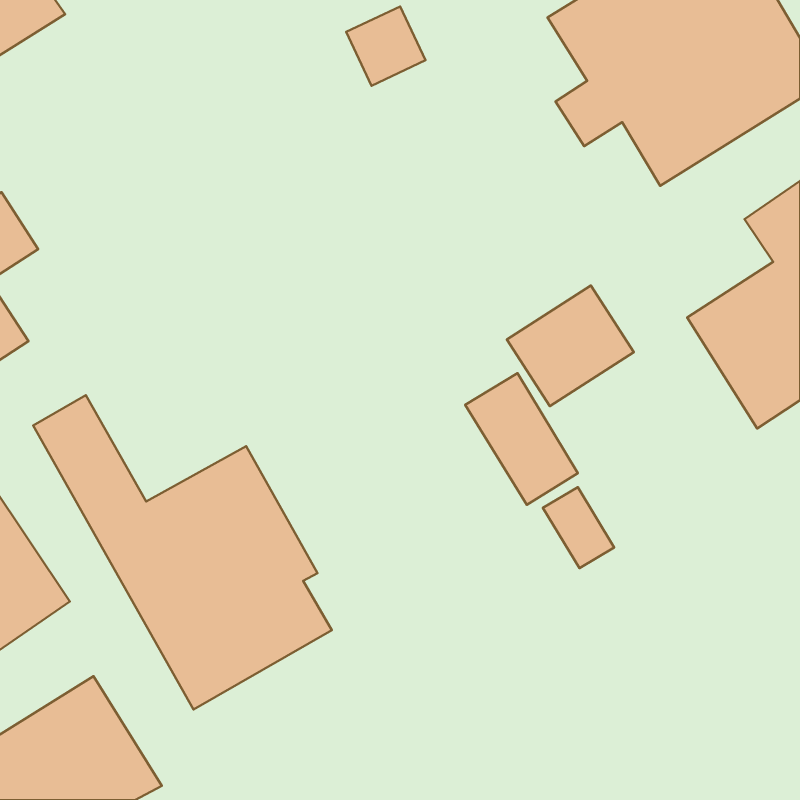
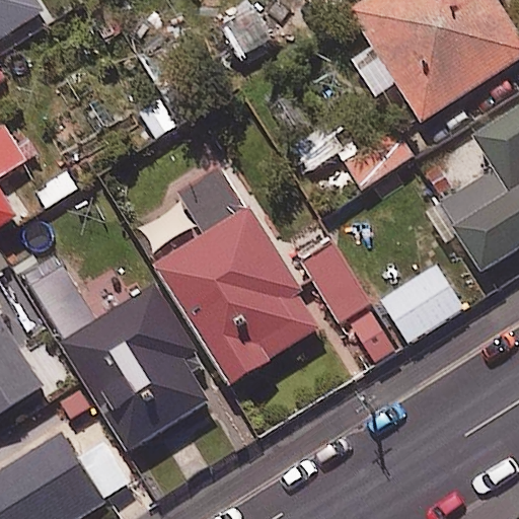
building: none -> [155,164,325,386]
building: [507,286,634,406] -> [380,265,461,342]

